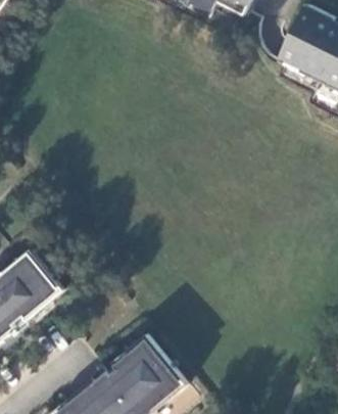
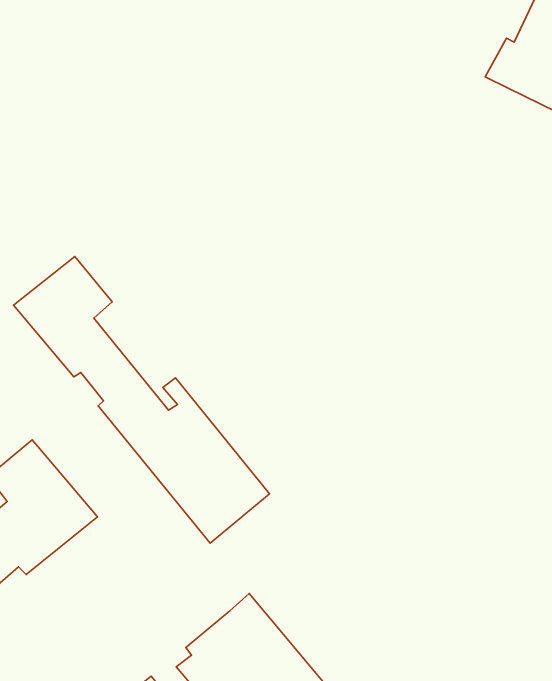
building: none -> [14,256,270,543]

